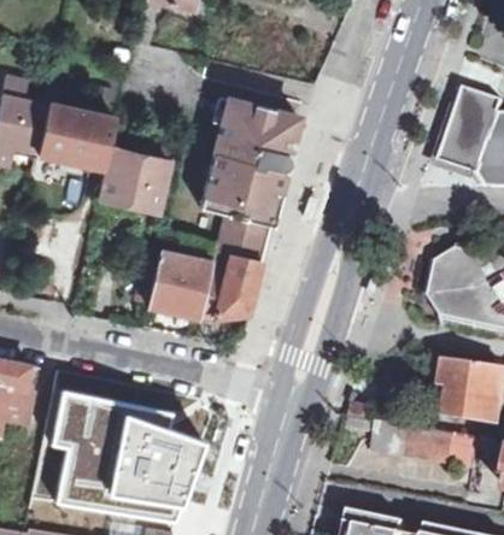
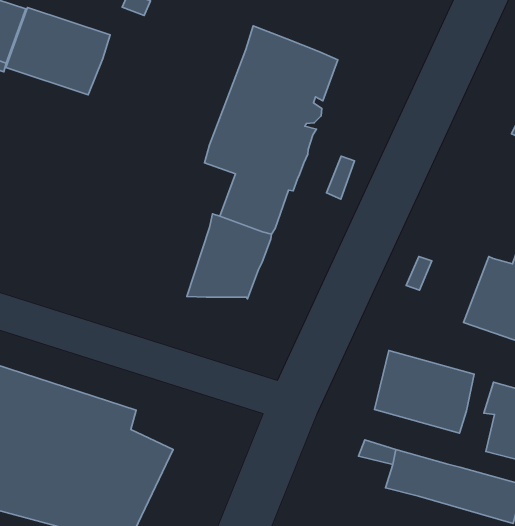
building: [100,148,169,211] -> none
building: [147,251,211,317] -> none
building: none -> [374,351,474,433]

